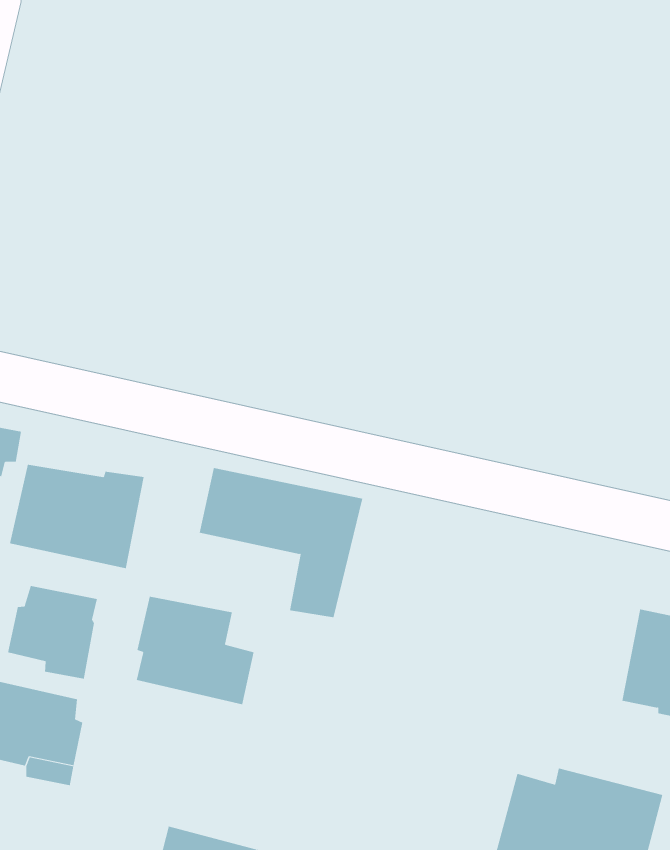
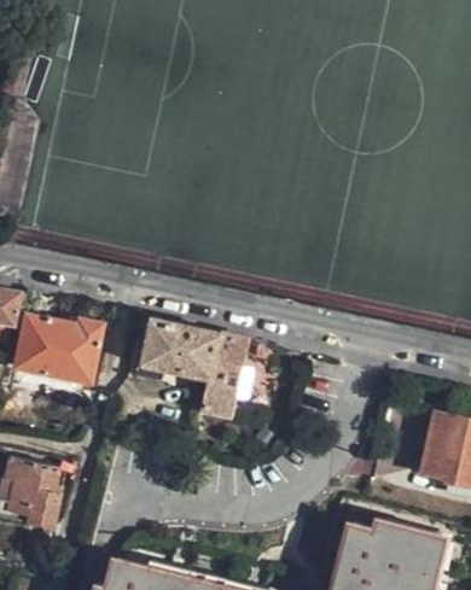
building: [8,585,97,680] -> none
building: [136,596,254,705] -> none

